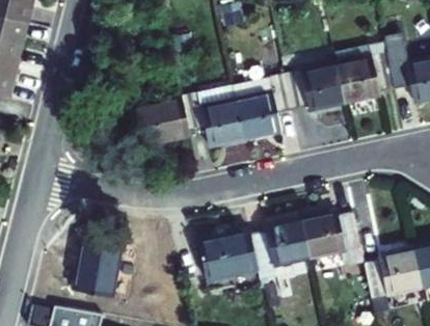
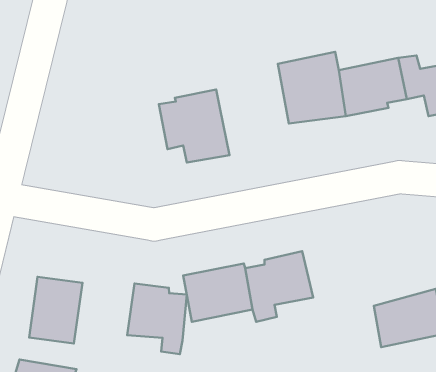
building: [232,76,291,139] -> none
building: [129,96,187,144] -> none
building: [302,214,364,271] -> none
building: none -> [127,283,187,354]

